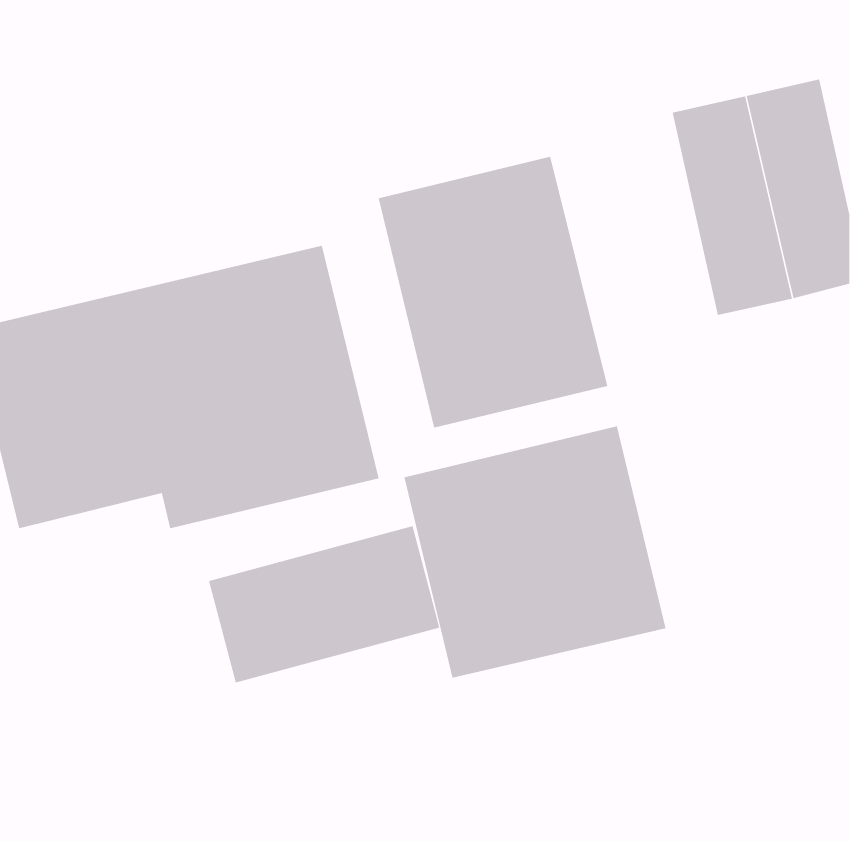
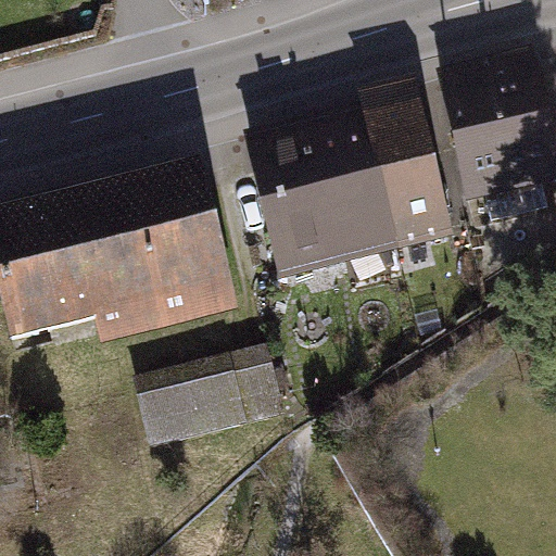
building: none -> [355,79,448,250]
building: [404,425,666,678] -> none

